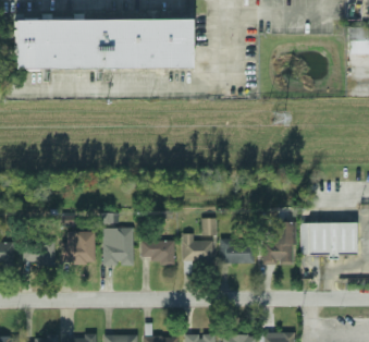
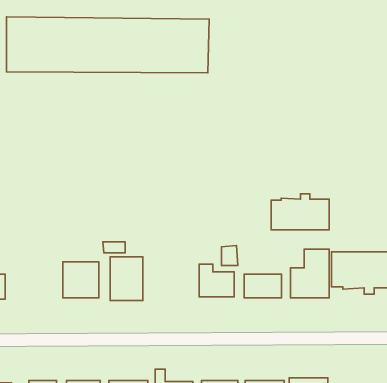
building: none -> [271,194,329,230]
building: [144,241,175,264] -> none
building: [24,242,56,265] -> none

